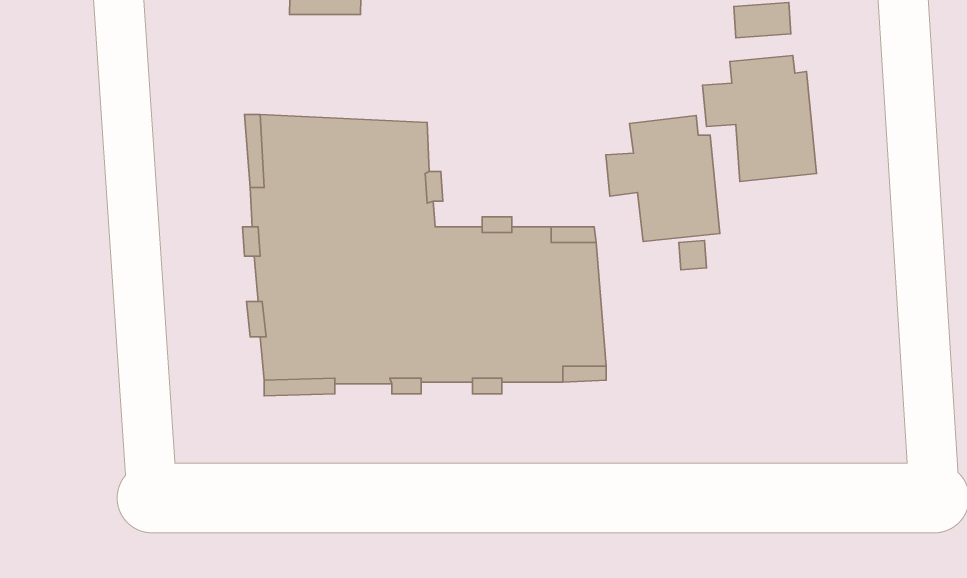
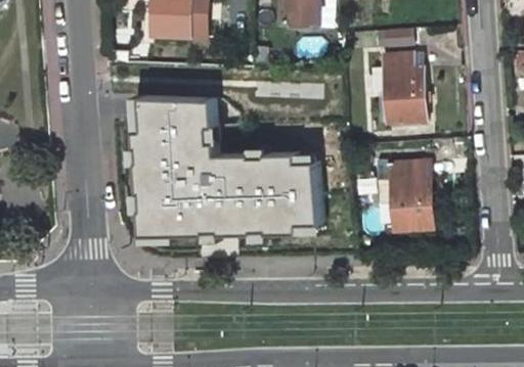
building: [606,116,720,241] -> [379,165,438,230]

